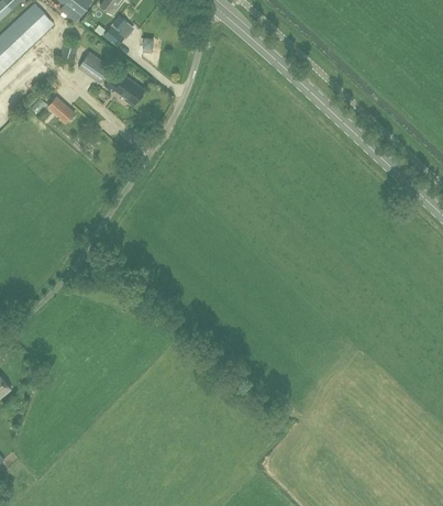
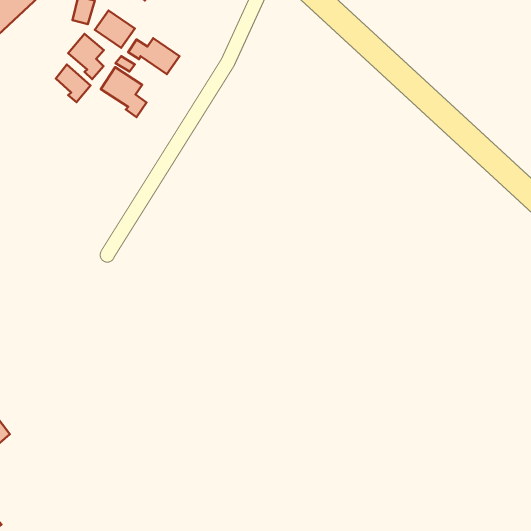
building: none -> [68,34,104,79]
building: none -> [101,67,146,117]

